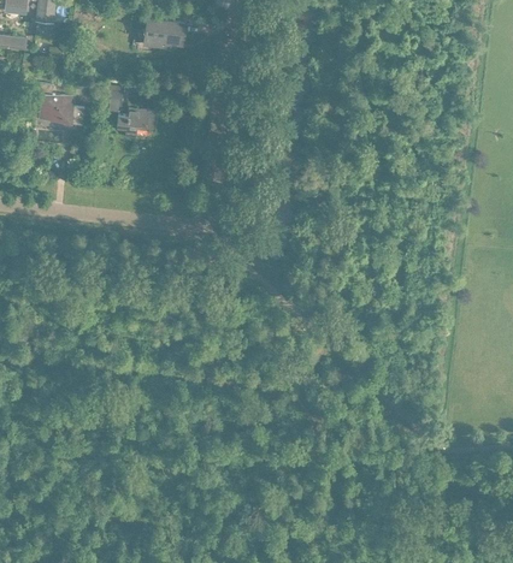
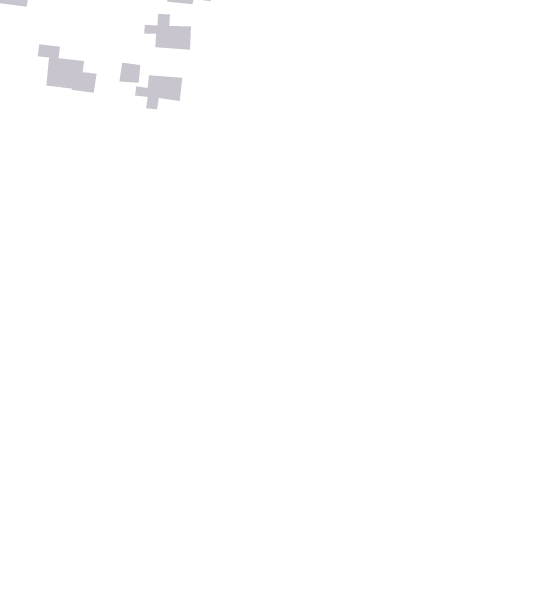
building: none -> [144,13,192,51]

